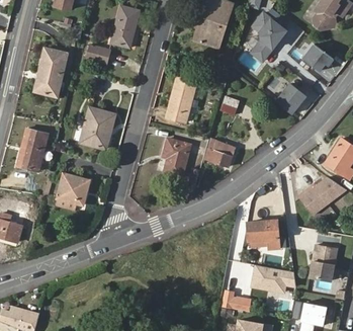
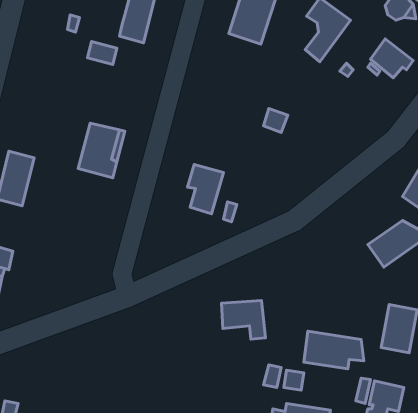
building: [35,49,66,95] -> none
building: [166,77,195,121] -> none
building: [275,83,305,113] -> none
building: [203,138,236,167] -> none
building: [58,173,89,203] -> none
building: [247,220,280,249] -> [221,300,265,339]

